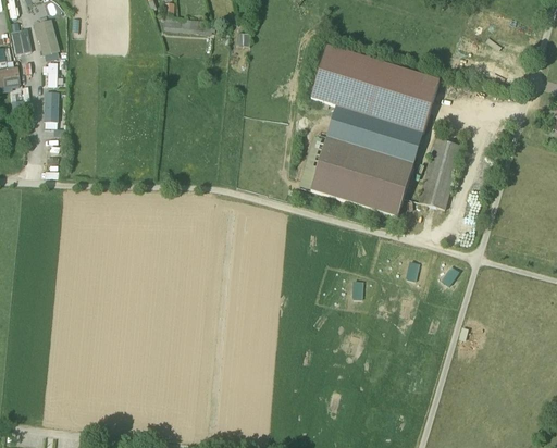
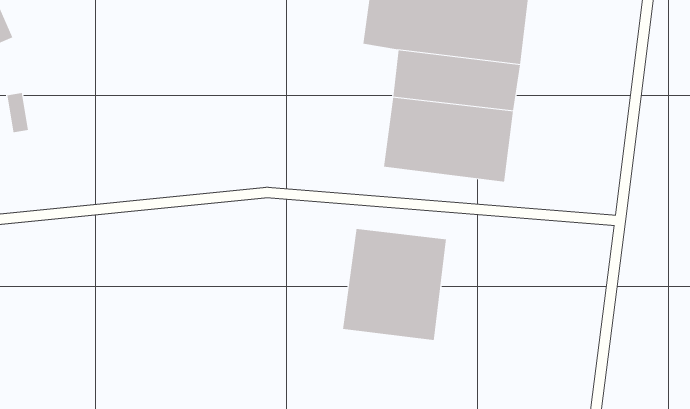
building: [419,139,460,207] -> none
building: none -> [342,228,447,341]

